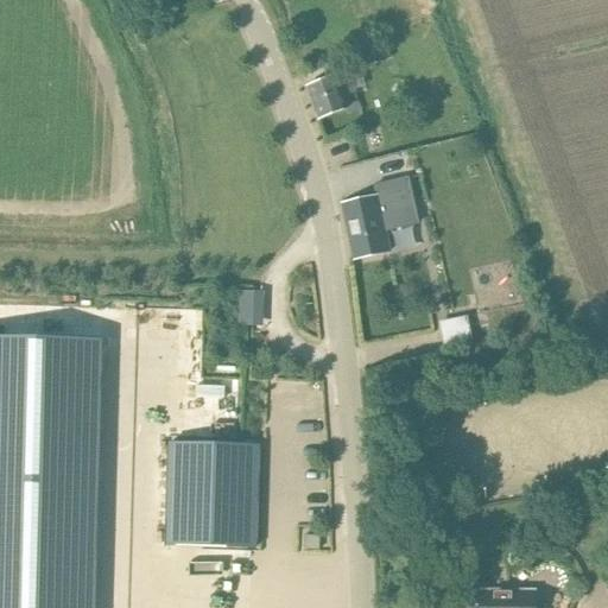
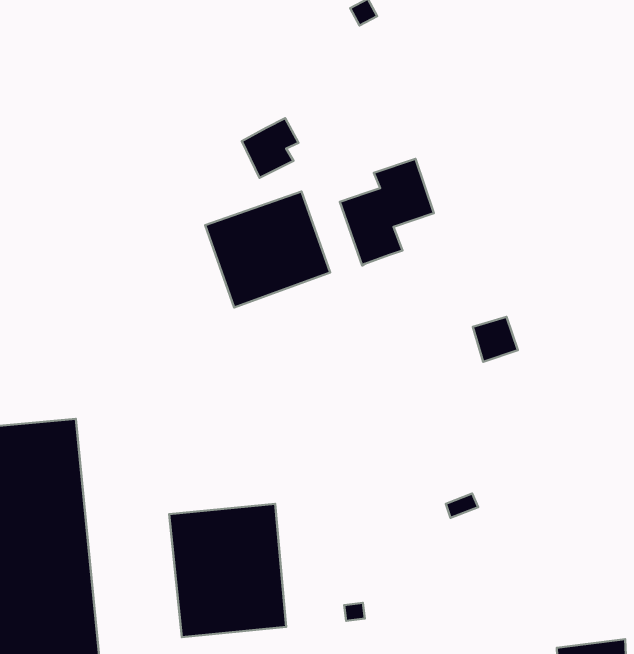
building: [305,69,352,115] -> [242,118,299,178]
building: none -> [205,192,330,307]
building: [236,287,264,322] -> none

